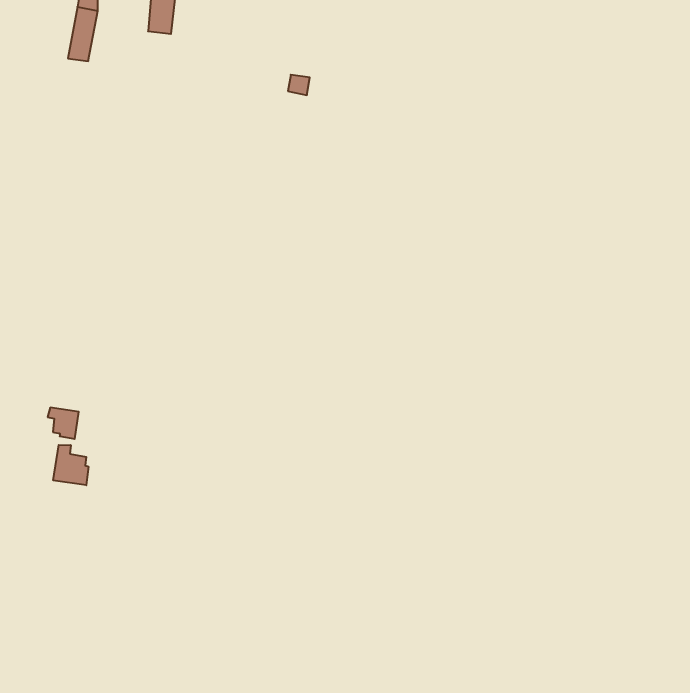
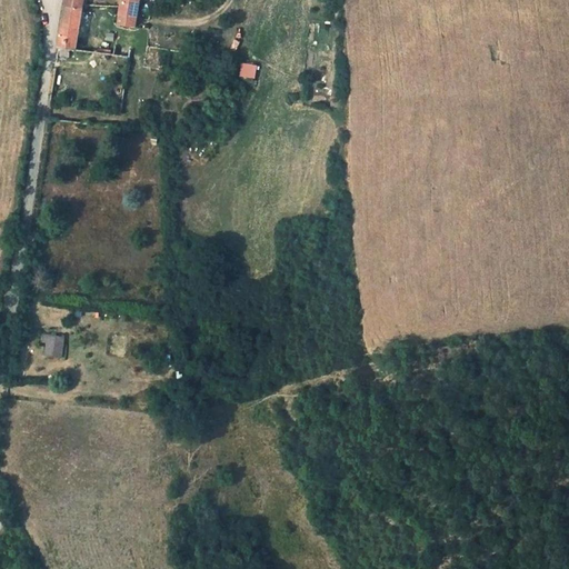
building: [53,445,88,485] -> none

